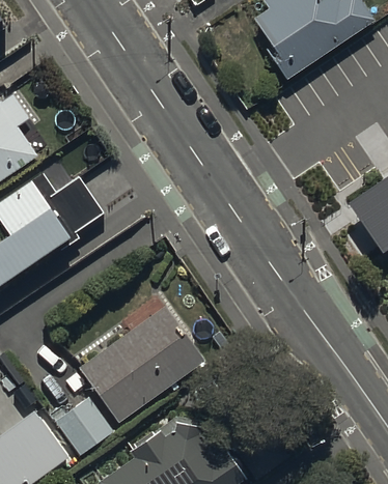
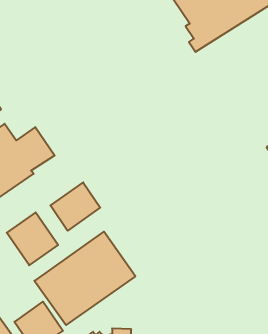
building: none -> [50,182,100,231]
building: none -> [7,212,58,265]

